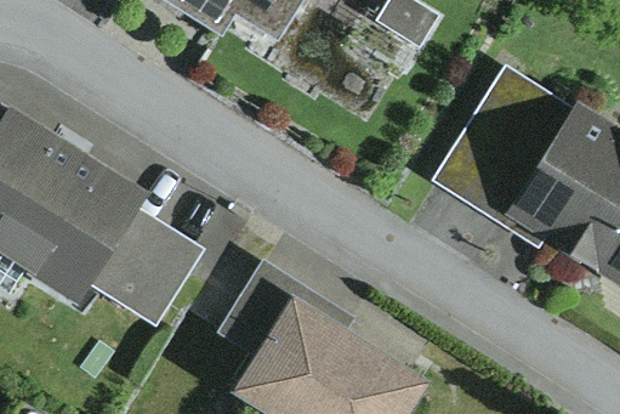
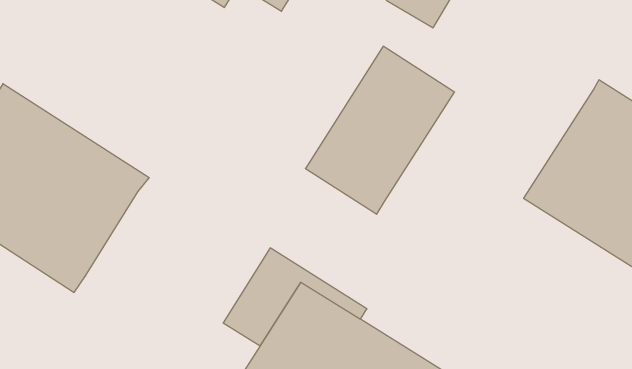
building: [431,66,573,226] -> [305,46,455,214]
building: [89,208,205,329] -> none

